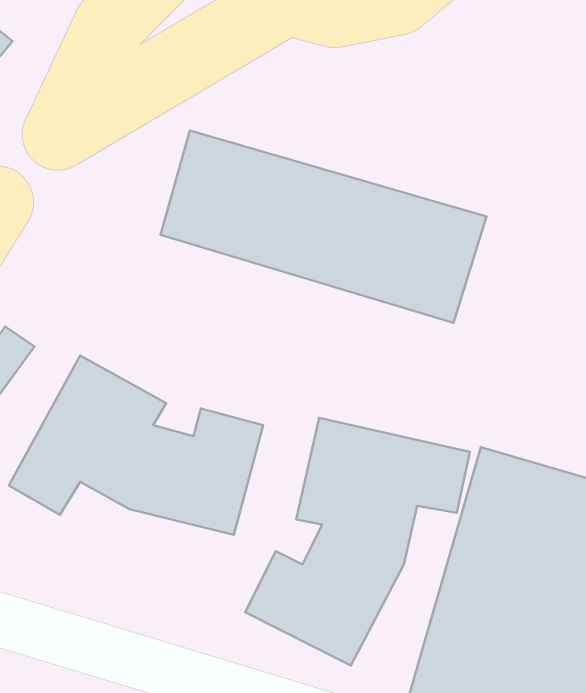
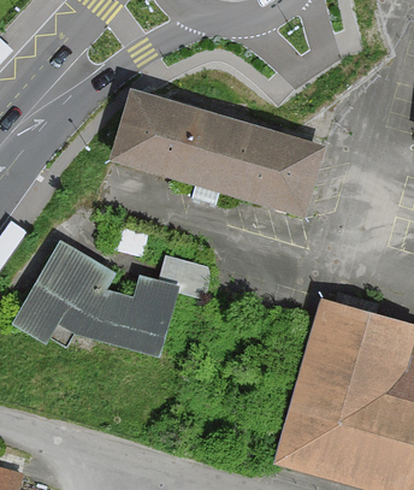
building: [245,418,470,665] -> none

